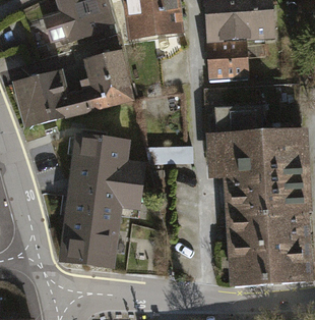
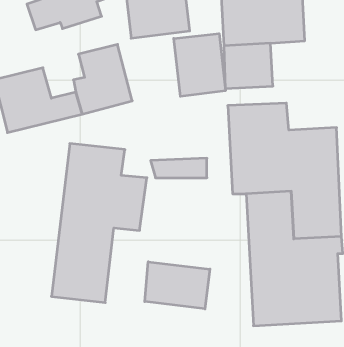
building: none -> [174,34,225,96]
building: none -> [145,262,210,309]

